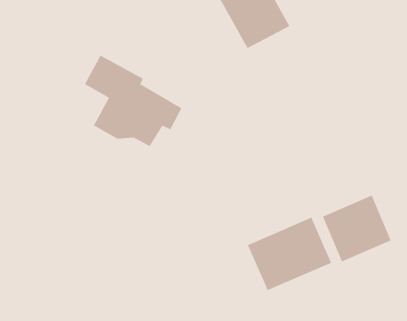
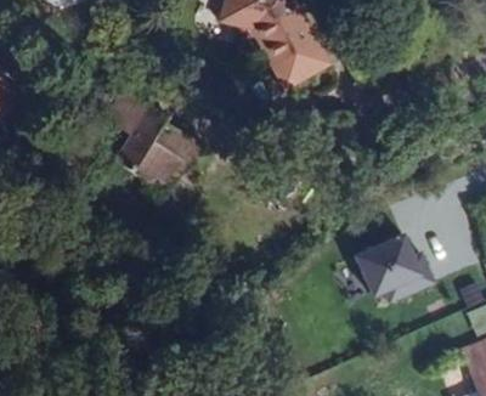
building: [247,217,332,291] -> none

